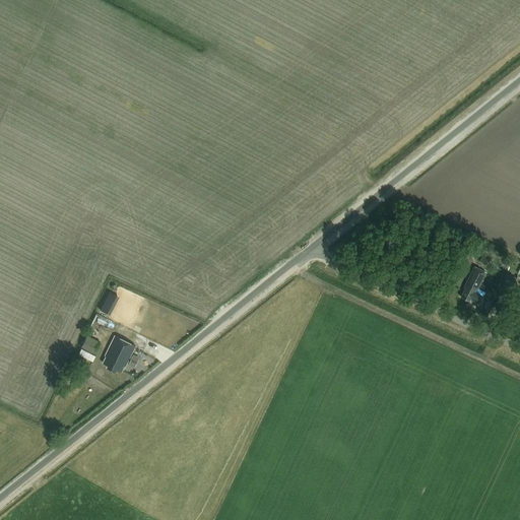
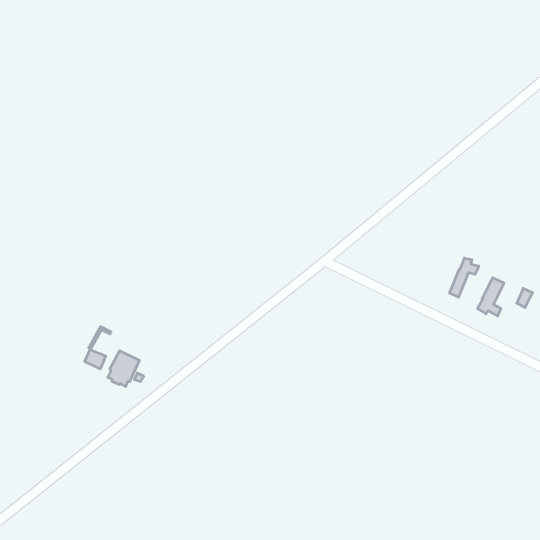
building: none -> [450,258,479,297]

